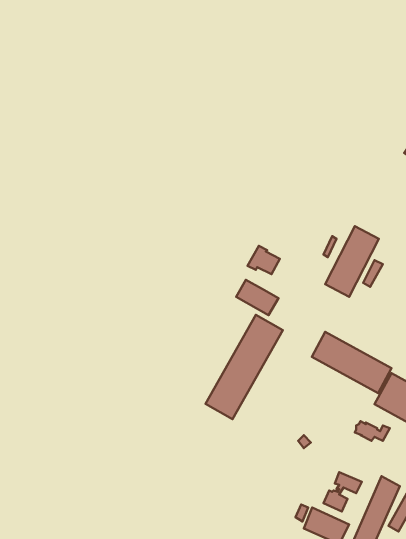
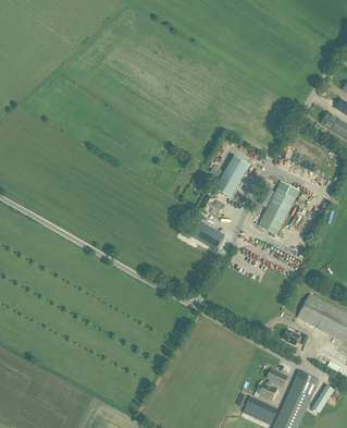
building: none -> [213,152,250,196]
building: [206,315,283,419] -> none
building: [312,332,392,393] -> none

